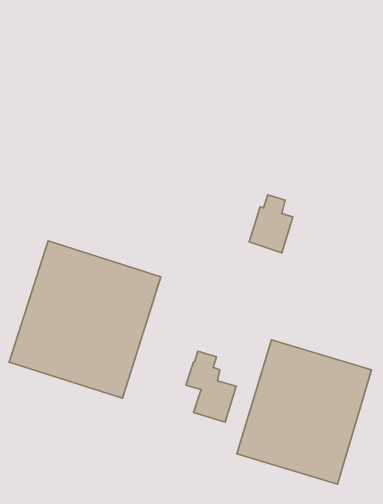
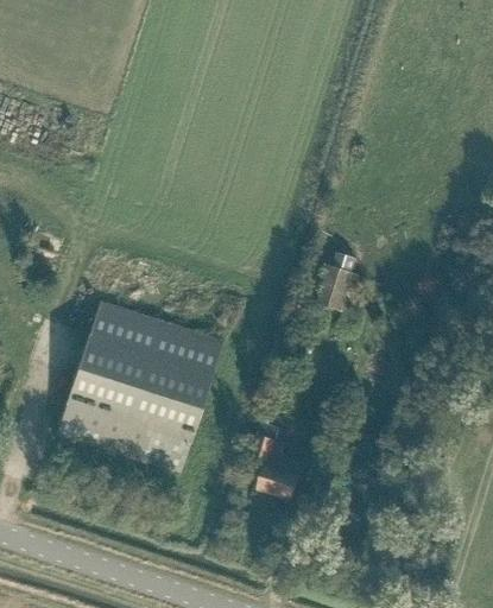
building: [237,340,371,484] -> none

